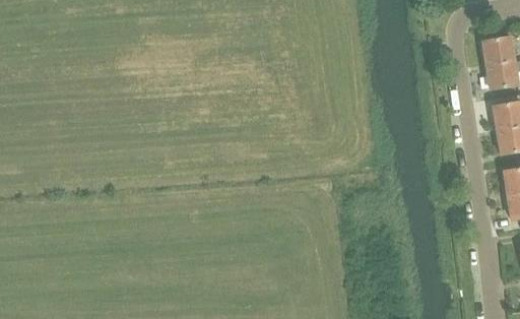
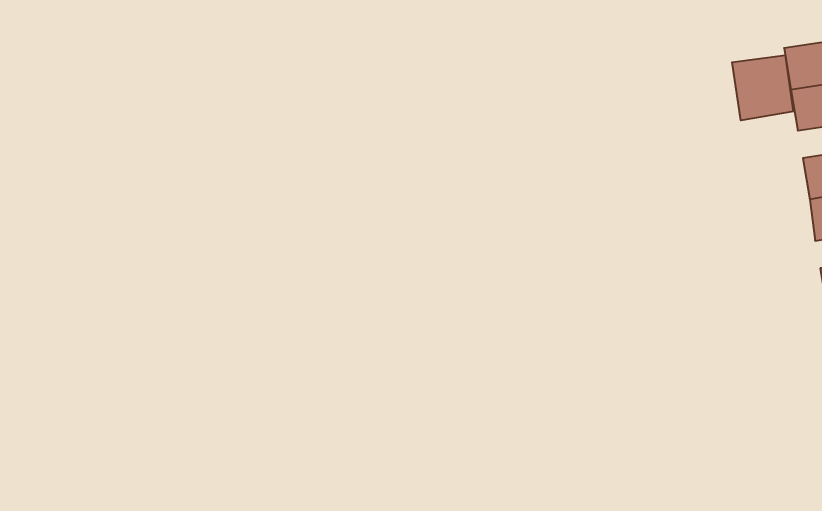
building: none -> [732,55,793,120]

